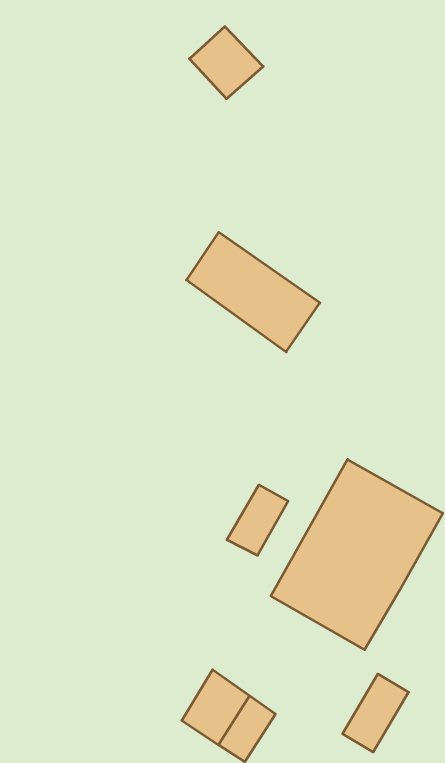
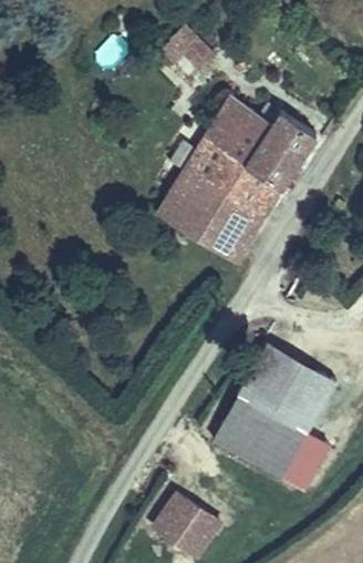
building: none -> [177,101,315,227]
building: [227,485,288,555] -> none
building: [343,674,409,752] -> [282,434,330,491]

